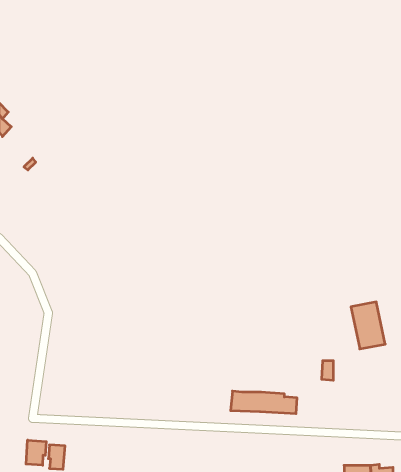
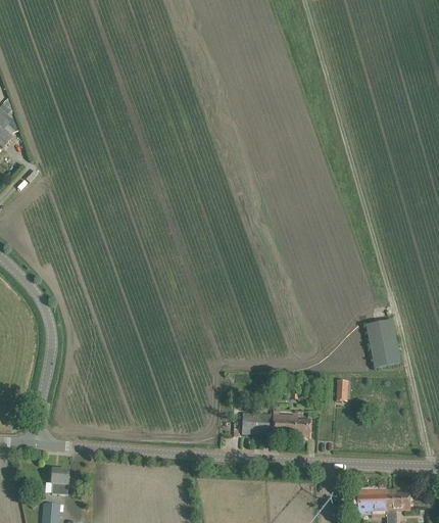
building: [26,440,46,465] -> none

